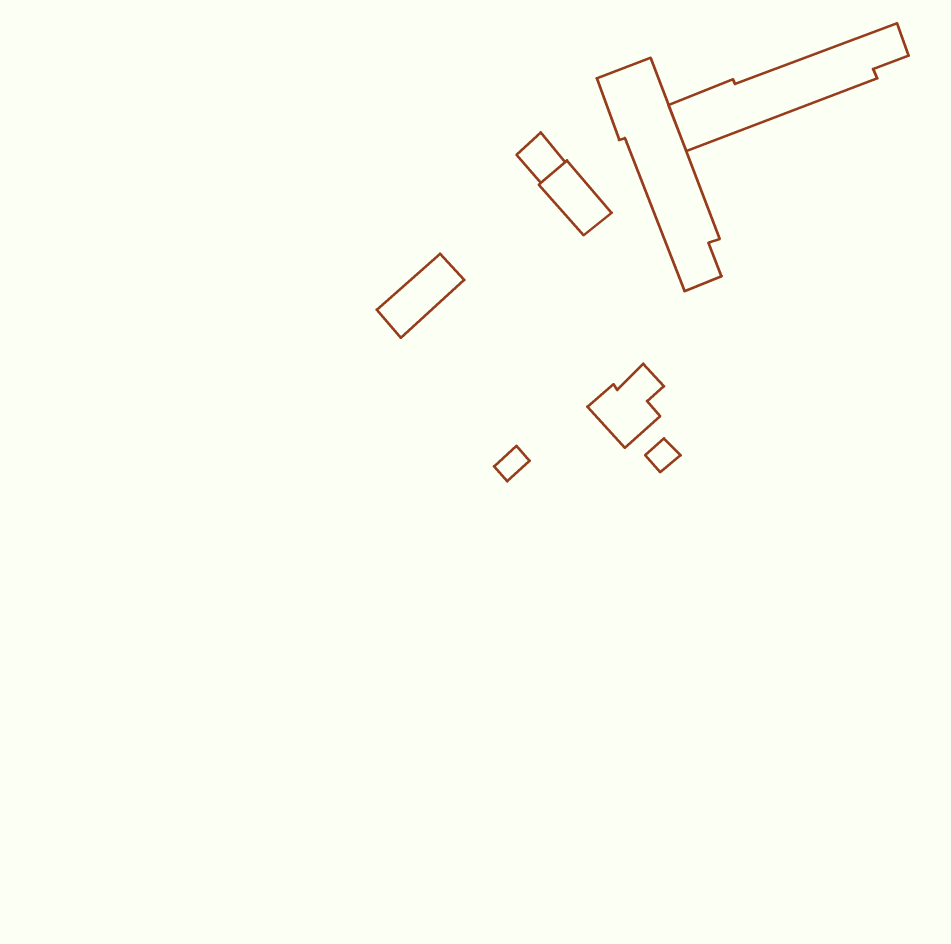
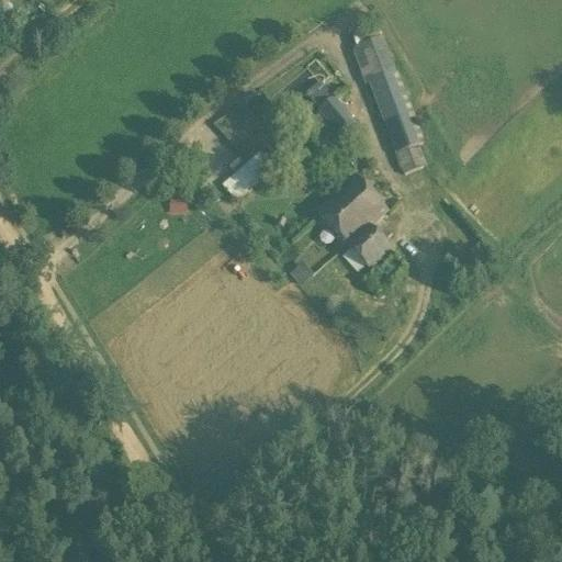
building: [669,23,909,151] -> none
building: none -> [317,172,386,239]

